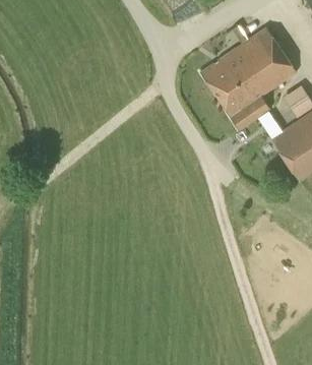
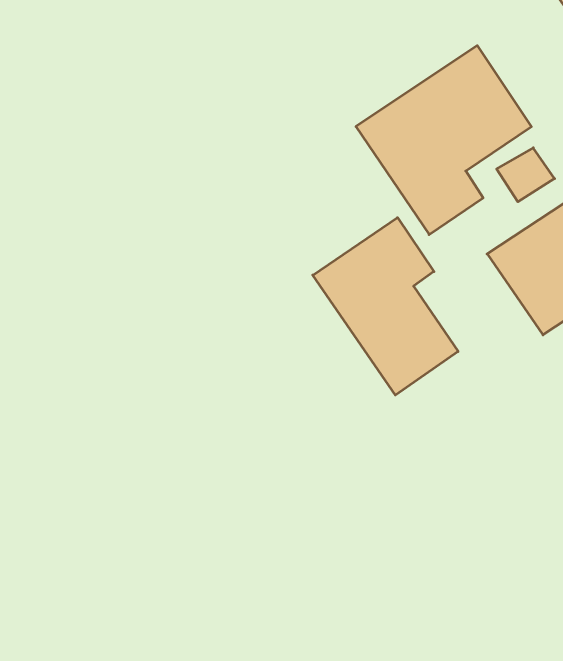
building: none -> [313,218,458,395]

